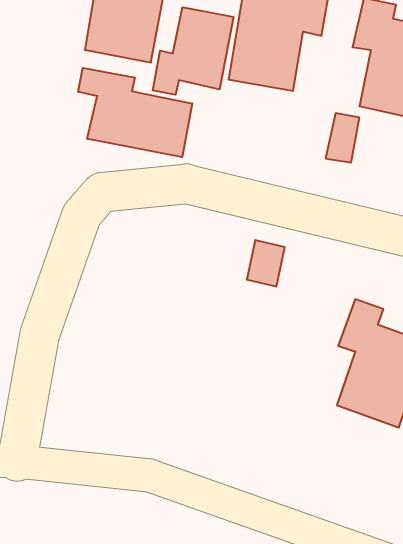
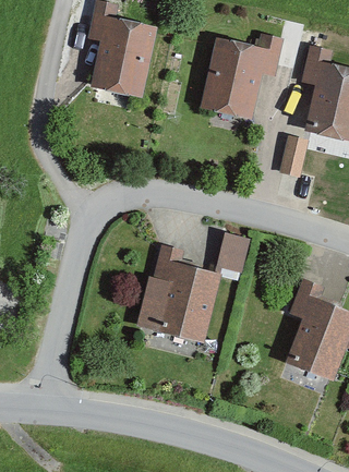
building: [153,7,233,95] -> none
building: [78,68,192,157] -> none
building: none -> [135,244,220,342]

